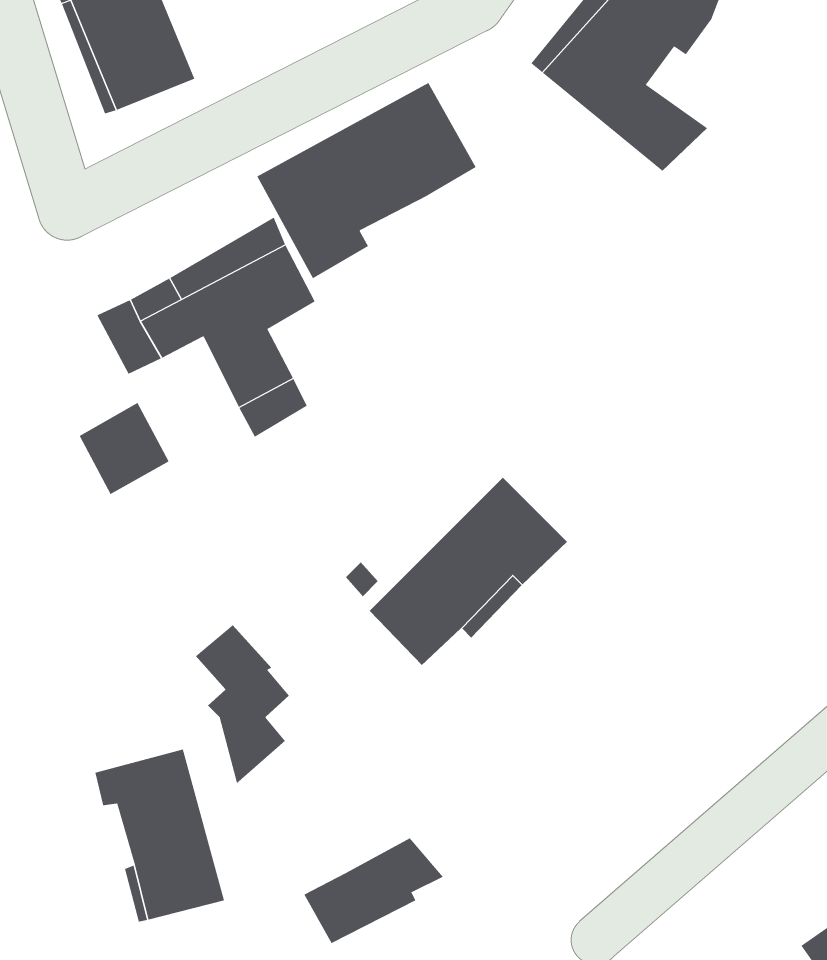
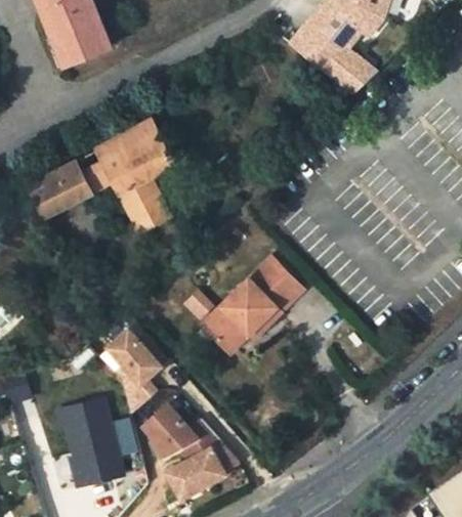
building: [256,82,477,279] -> none
building: [79,402,169,495] -> [29,171,76,219]
building: none -> [144,404,222,461]

